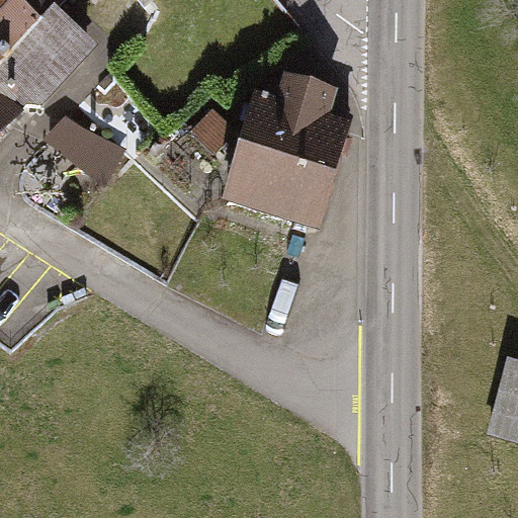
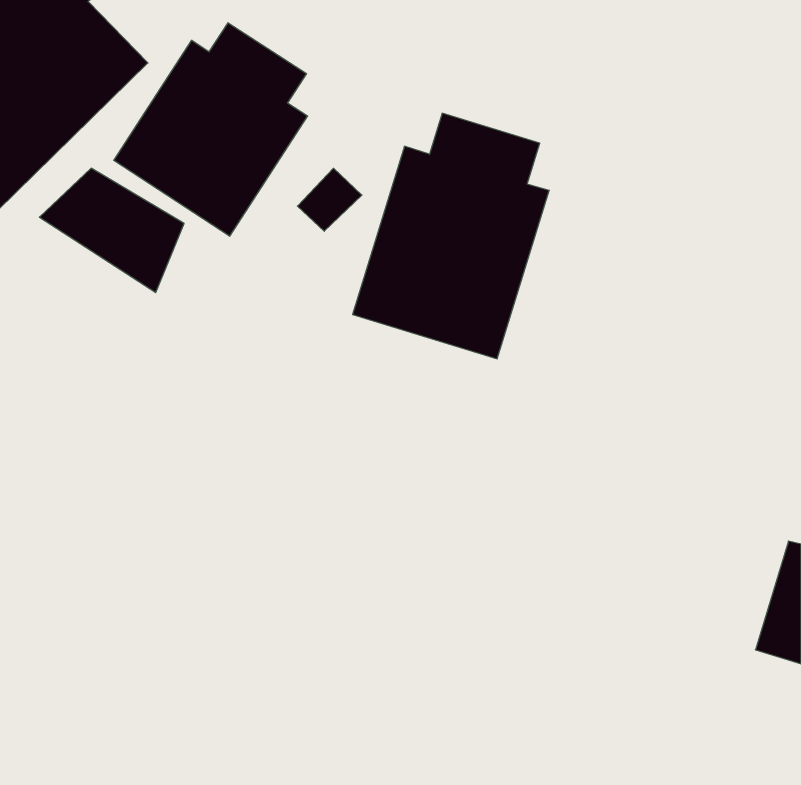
building: none -> [114,23,308,236]

